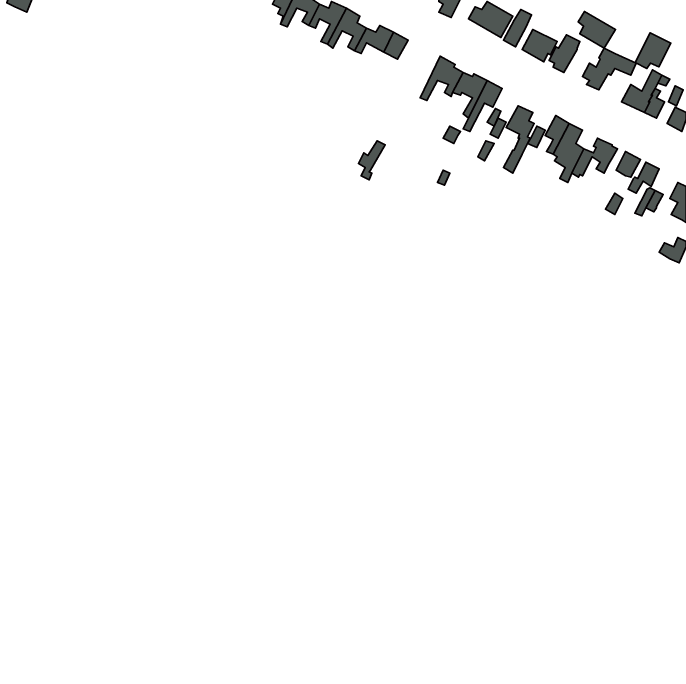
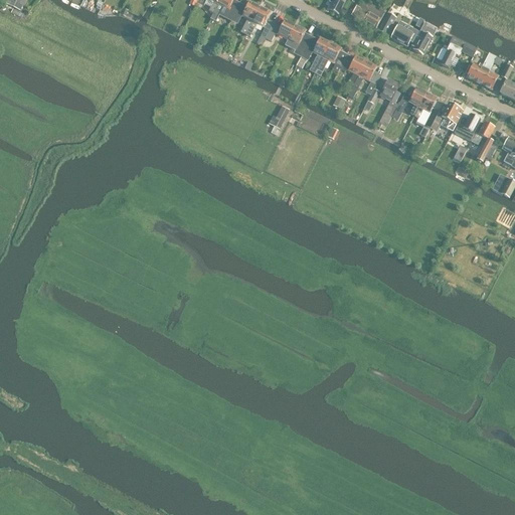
building: [578,11,616,48] -> none
building: [635,33,671,68] -> none
building: none -> [297,37,330,73]

